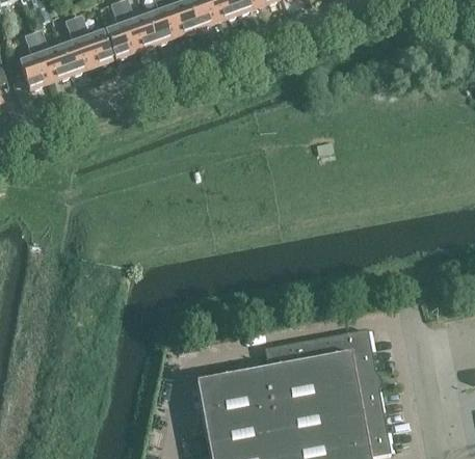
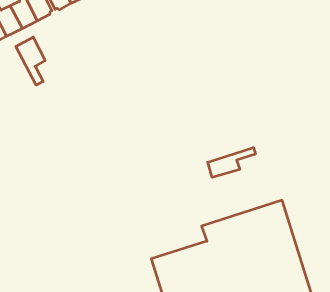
building: none -> [16,37,45,85]
building: none -> [208,148,255,177]

